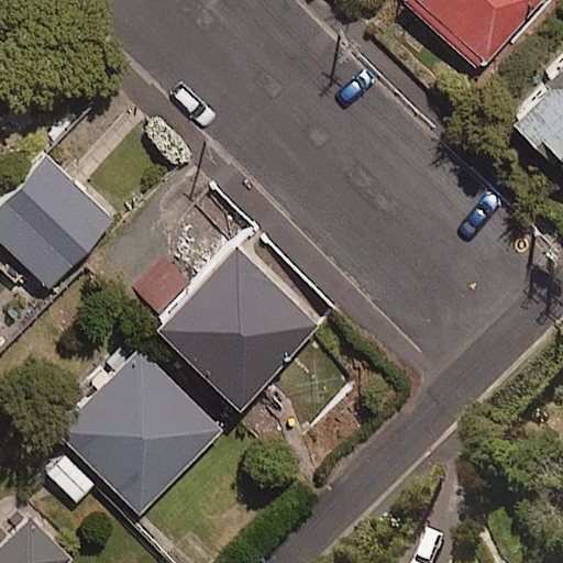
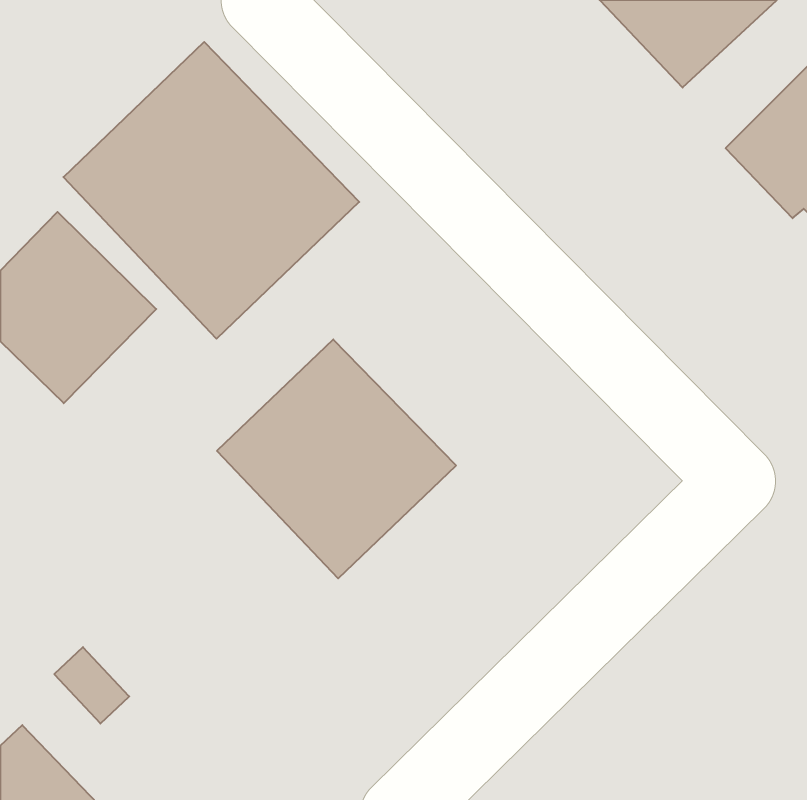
building: none -> [63,42,359,339]
building: [48,341,222,515] -> none

